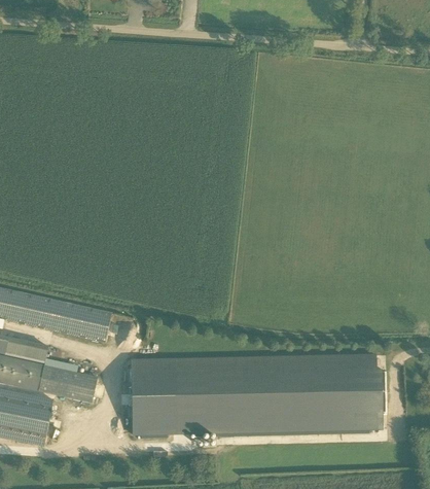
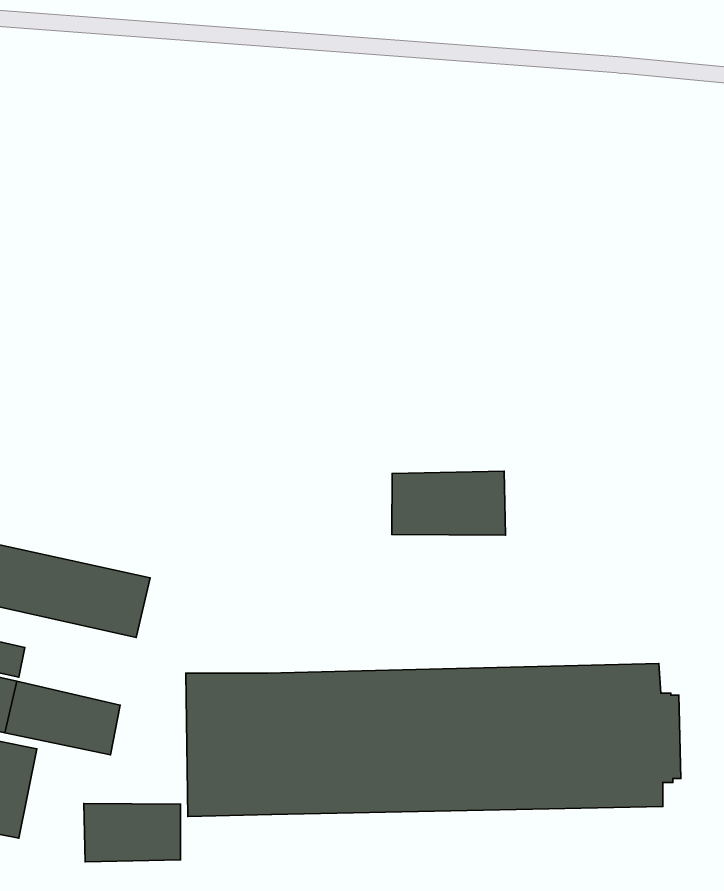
building: none -> [392,471,506,535]
building: none -> [84,804,181,862]

